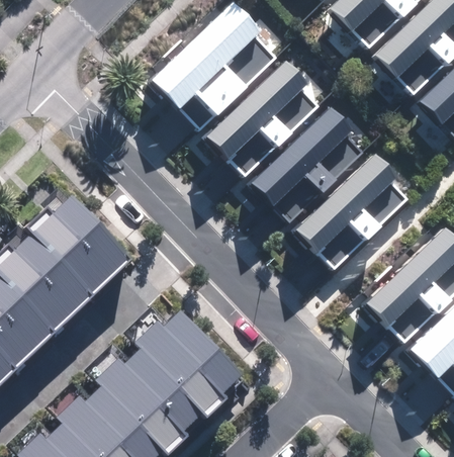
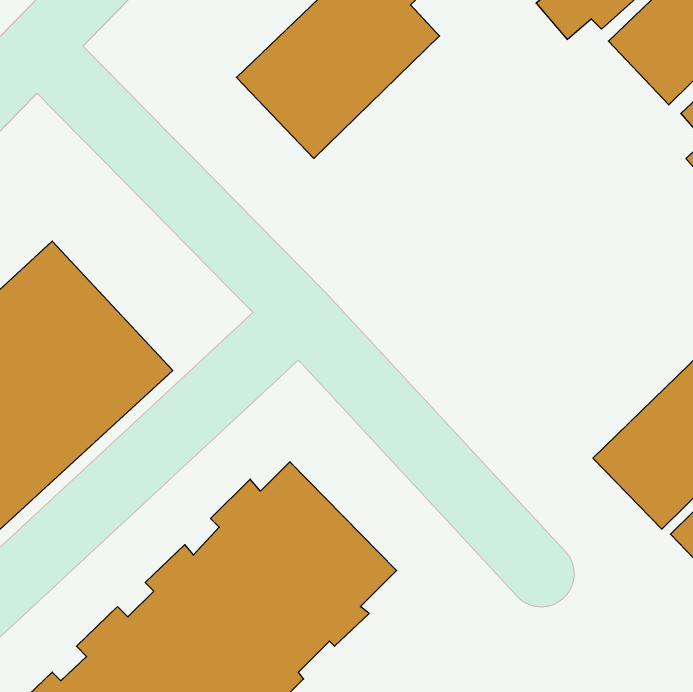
building: [207,62,320,178] -> none
building: [252,108,363,223] -> none
building: [297,156,410,269] -> none

